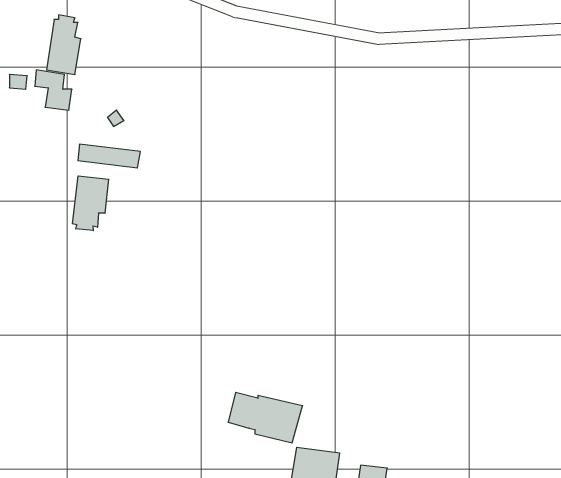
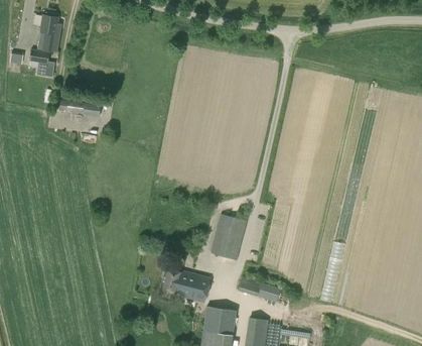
building: [72,176,108,231] -> none
building: none -> [210,214,247,260]
building: none -> [238,275,280,302]

